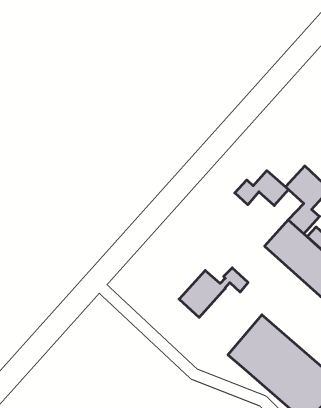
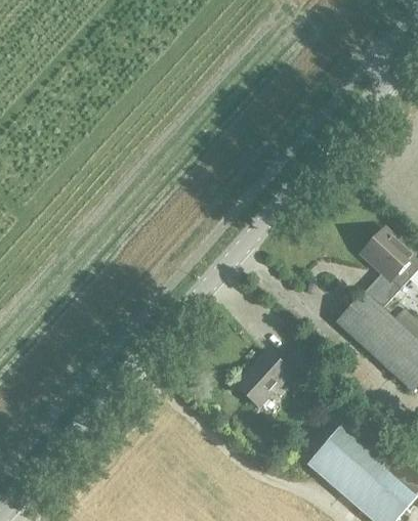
building: [235,171,288,206] -> none

